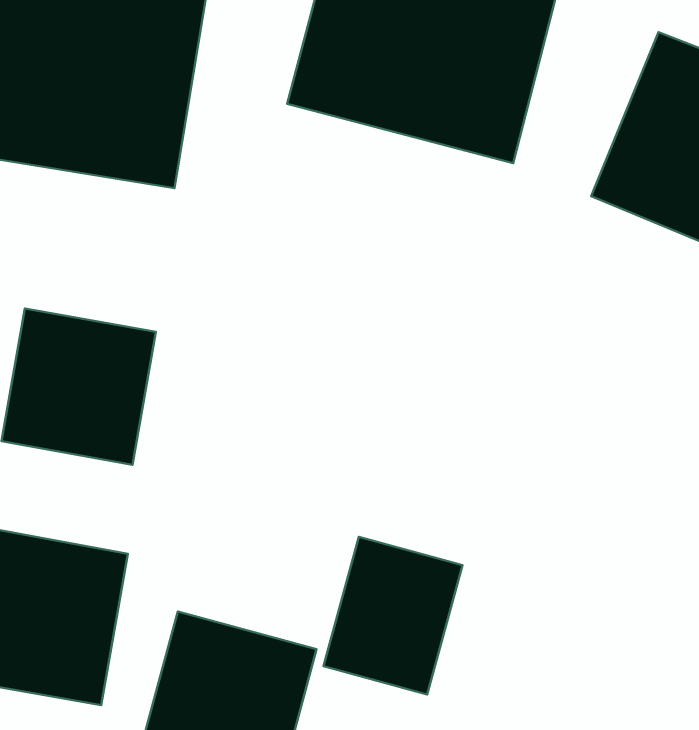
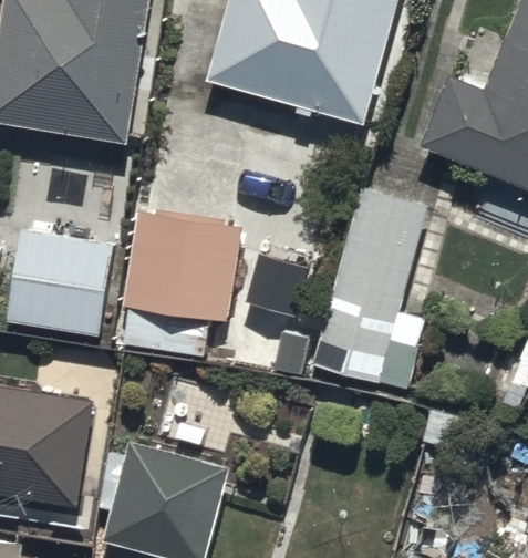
building: none -> [311,187,427,390]
building: none -> [122,209,241,358]
building: [324,537,462,695] -> none

